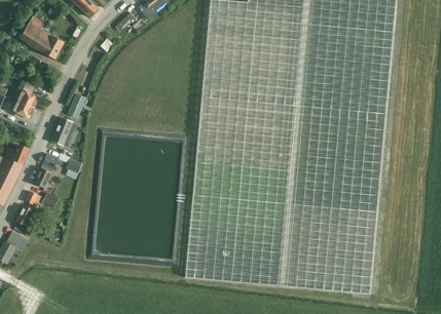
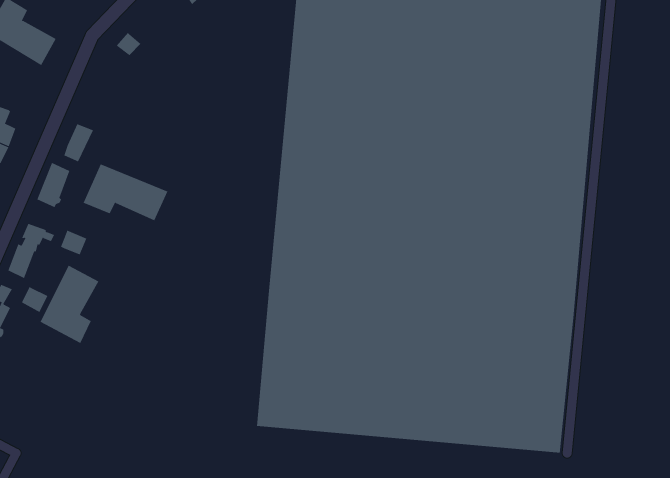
building: none -> [83,164,168,221]
building: none -> [40,265,99,344]

